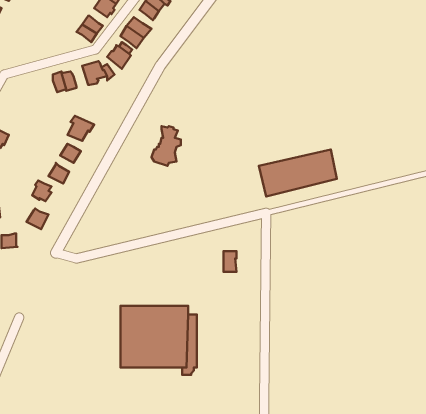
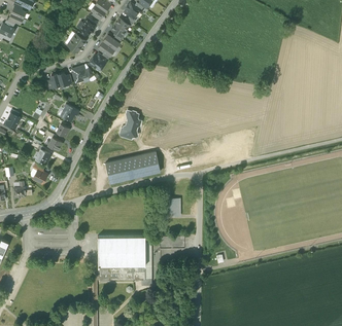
building: [259,150,337,197] -> [105,150,160,183]

